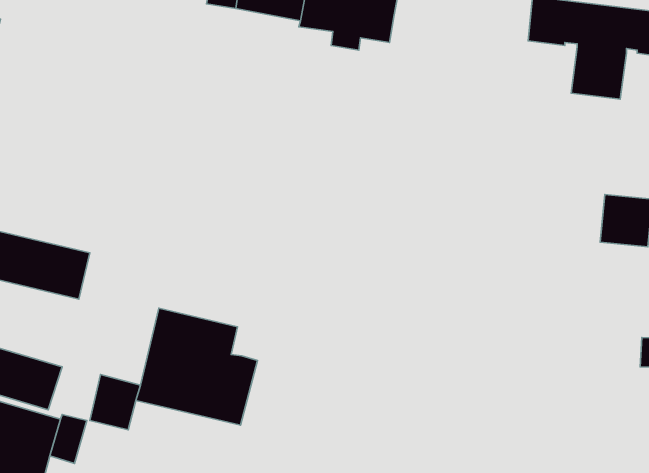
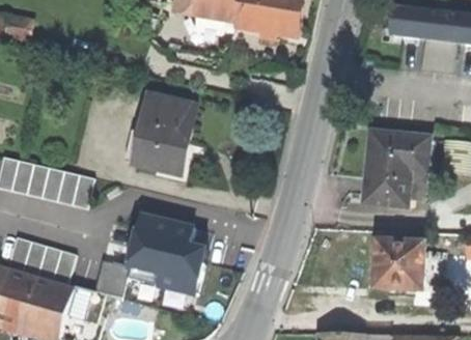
building: none -> [132,94,196,173]
building: none -> [361,132,428,205]
building: none -> [369,239,422,295]

